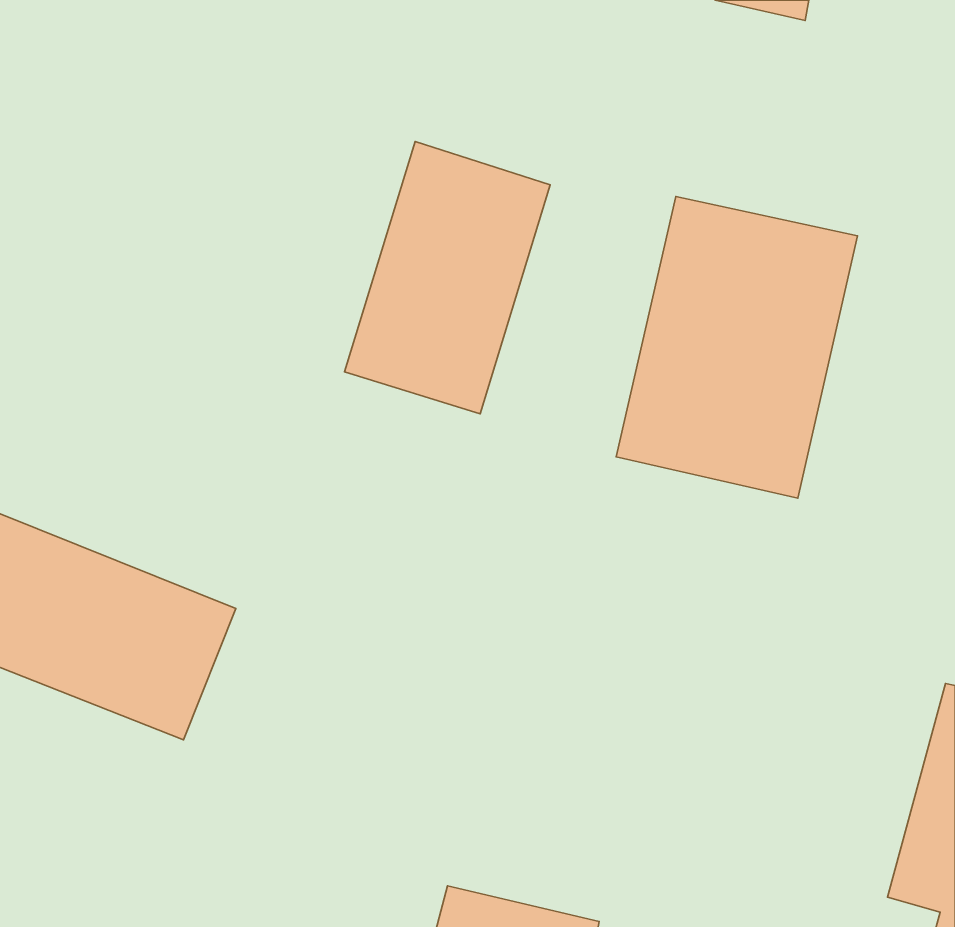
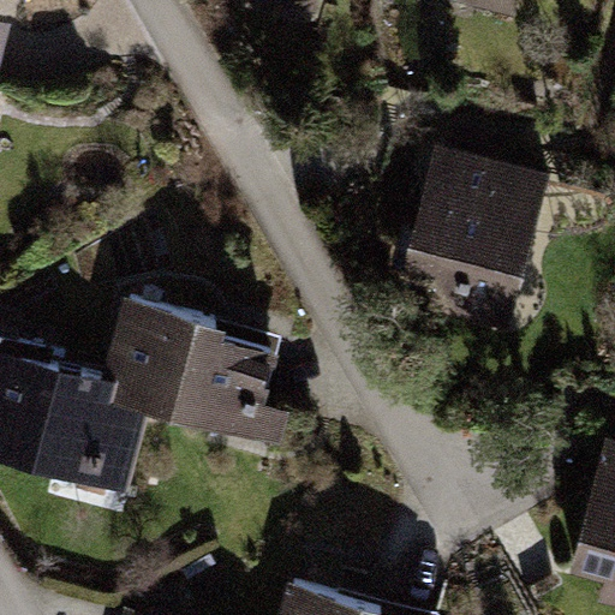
building: [345,141,550,414] -> none
building: none -> [94,295,286,435]

